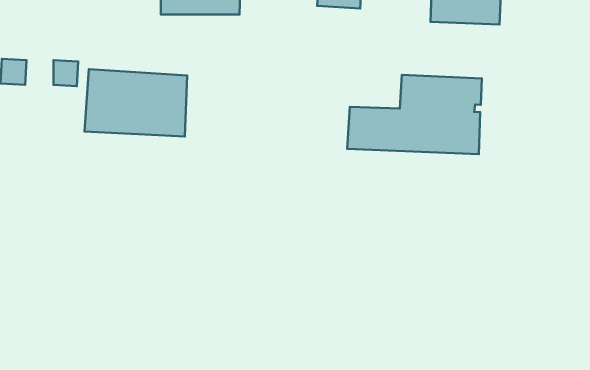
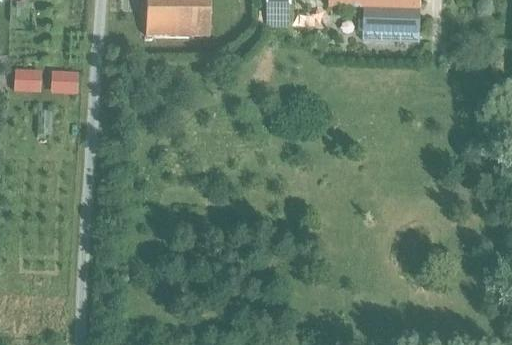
building: [85,69,187,136] -> none
building: [347,75,482,154] -> none

